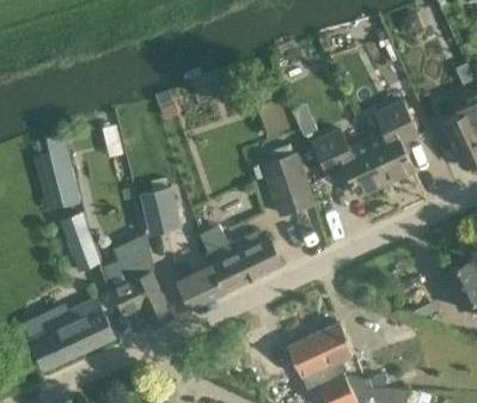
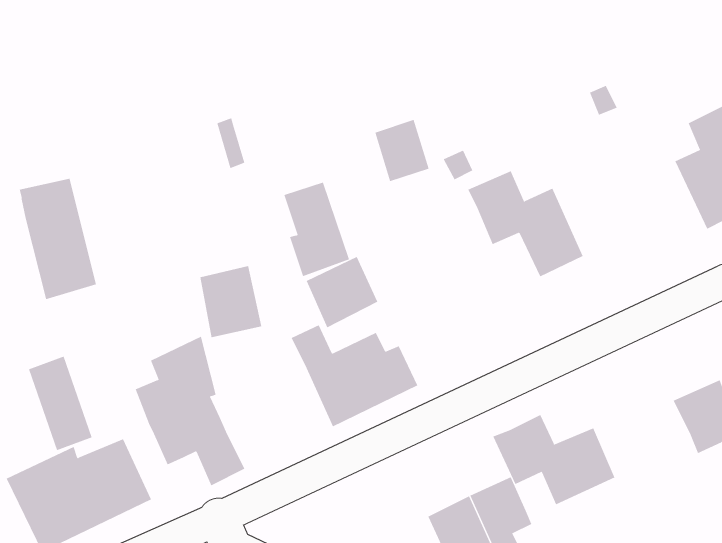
building: [366,100,417,183] -> none
building: [269,154,311,214] -> [283,182,350,277]
building: [59,212,99,271] -> [28,356,93,451]
building: [176,251,227,309] -> none
building: none -> [492,414,615,505]

